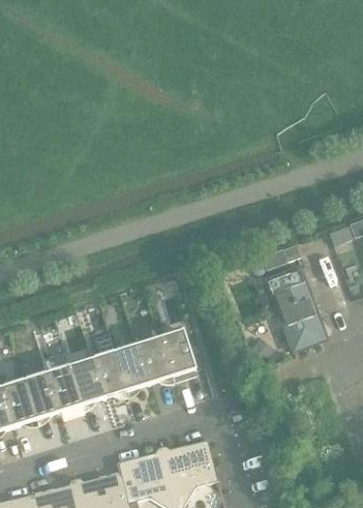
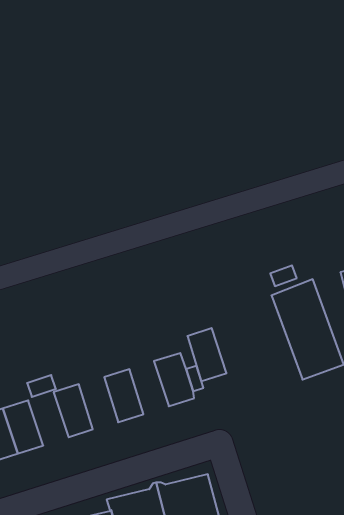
building: [134,337,170,385] -> [187,328,227,381]
building: [89,352,124,398] -> none
building: [43,365,80,413] -> none

